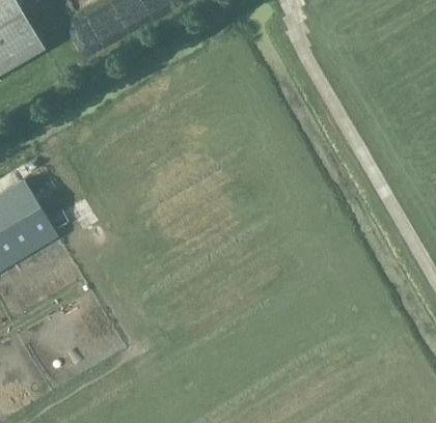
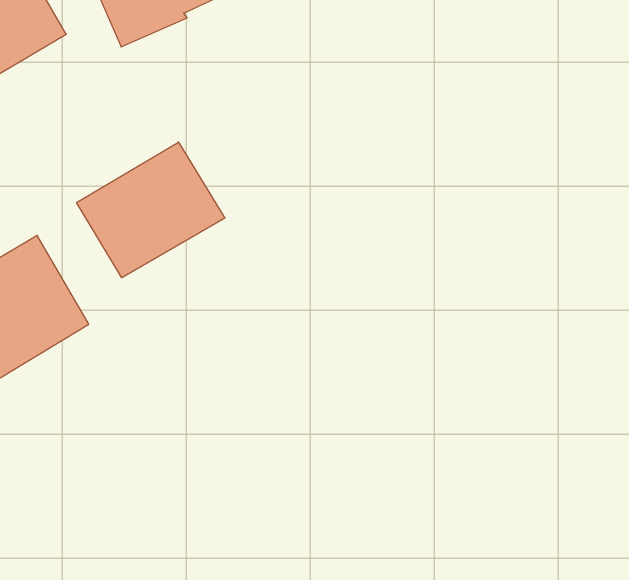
building: none -> [77,142,225,278]

